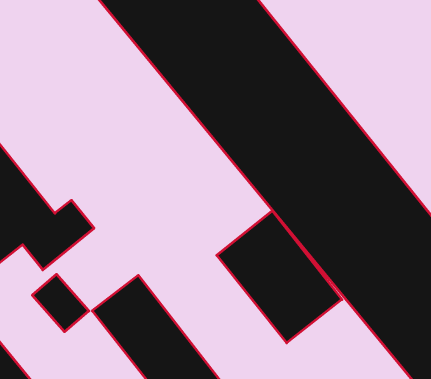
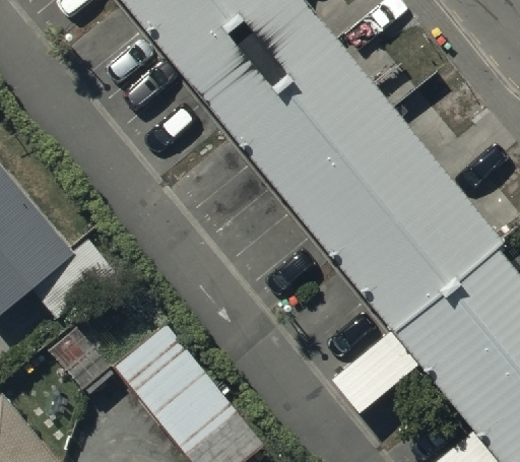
building: [217,211,342,343] -> none

